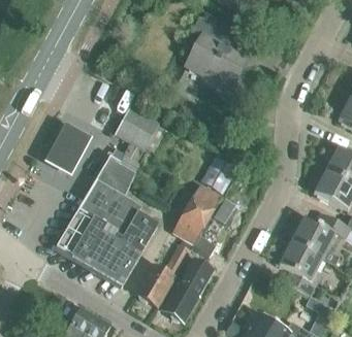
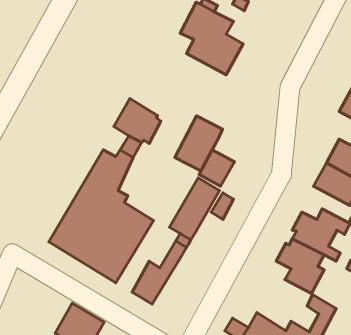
building: none -> [175,116,223,171]
building: [44,126,91,178] -> none
building: [163,258,215,322] -> none

